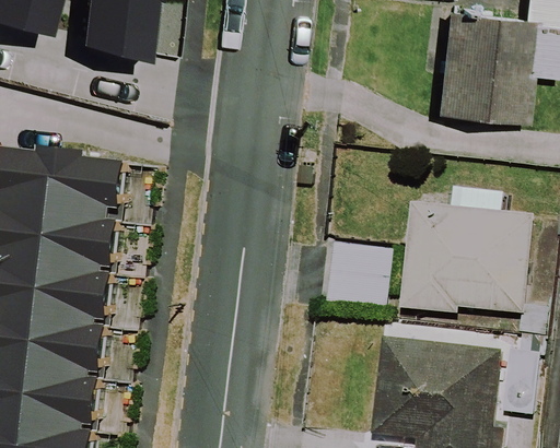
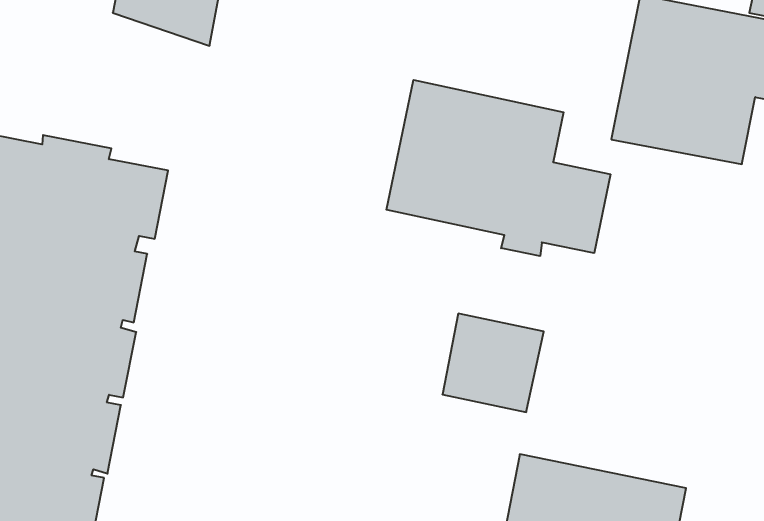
building: none -> [386,80,610,256]
building: [401,185,535,313] -> none

